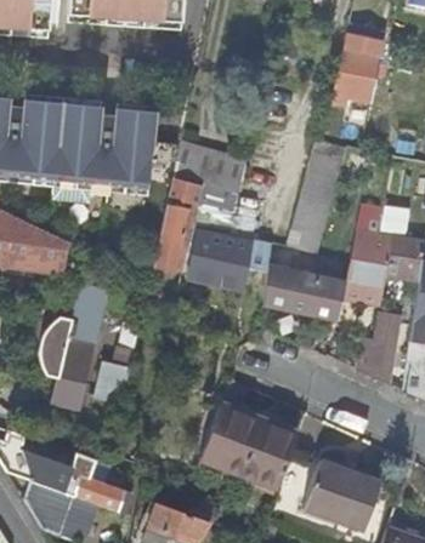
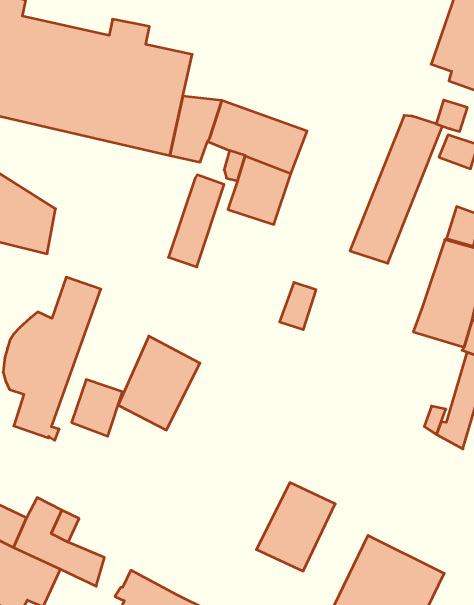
building: [189,232,249,287] -> none
building: [265,264,346,319] -> none
building: [205,406,262,474] -> [118,336,200,430]

